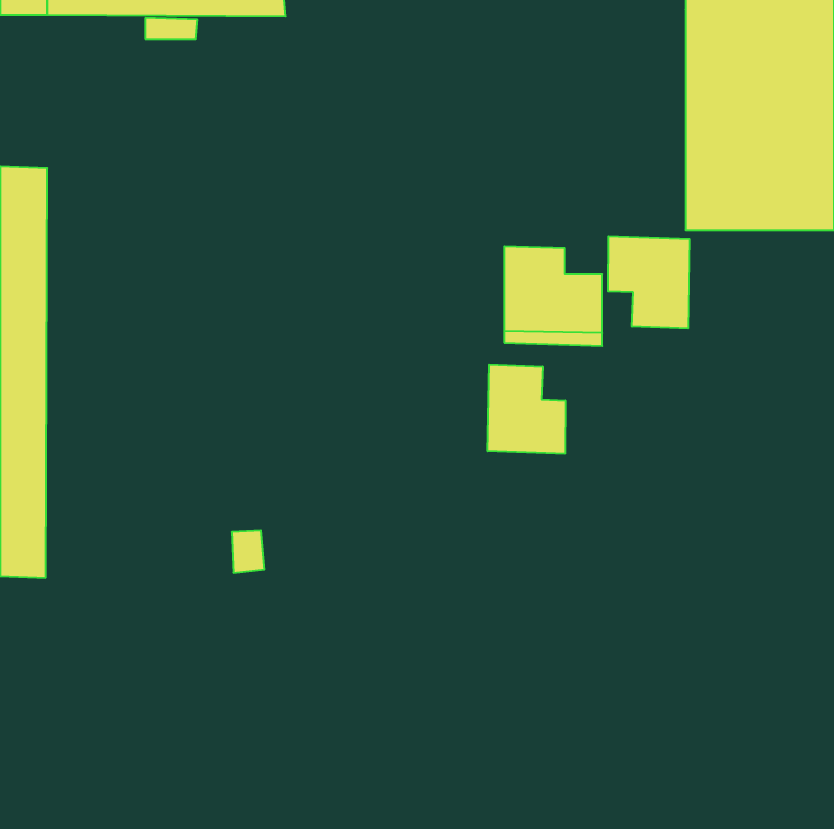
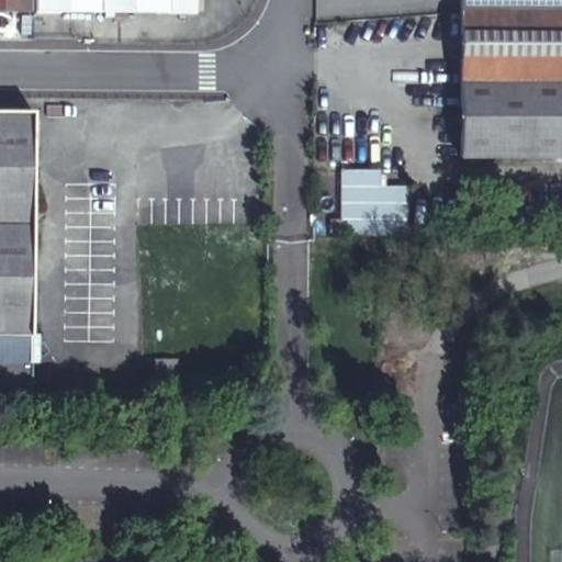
building: [608,236,690,328] -> none
building: [488,365,565,454] -> none

